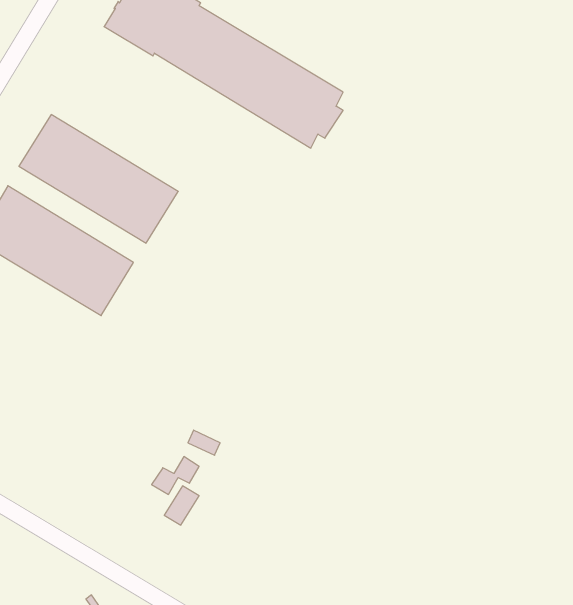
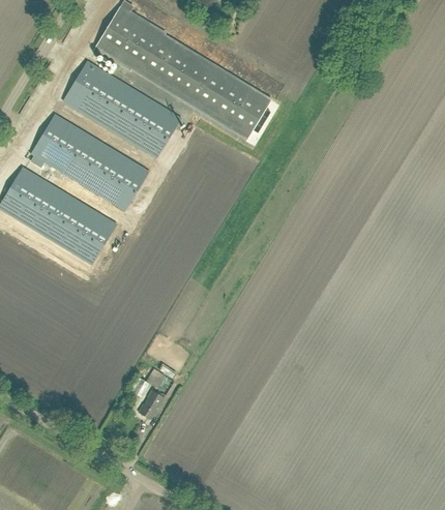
building: none -> [63,60,181,156]

